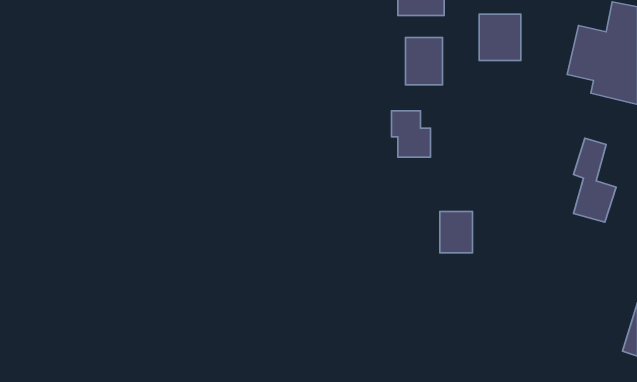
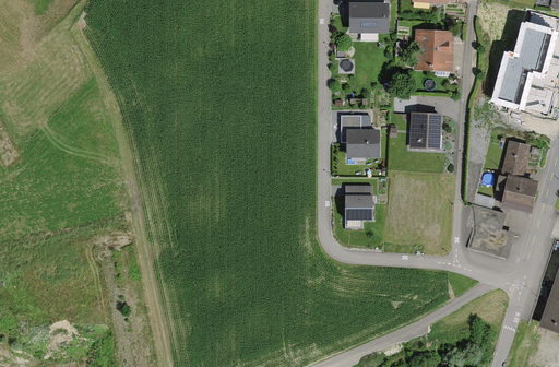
building: [405,38,443,85] -> none
building: none -> [411,111,438,146]
building: [440,212,472,253] -> [343,183,371,220]

